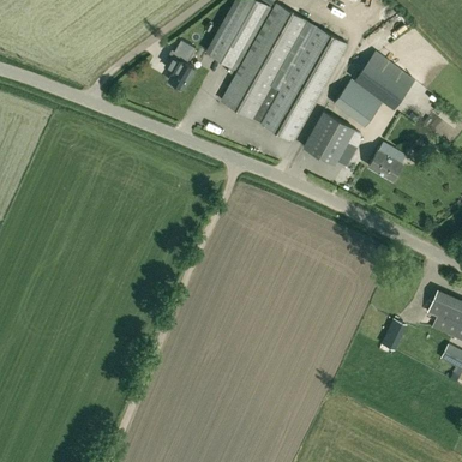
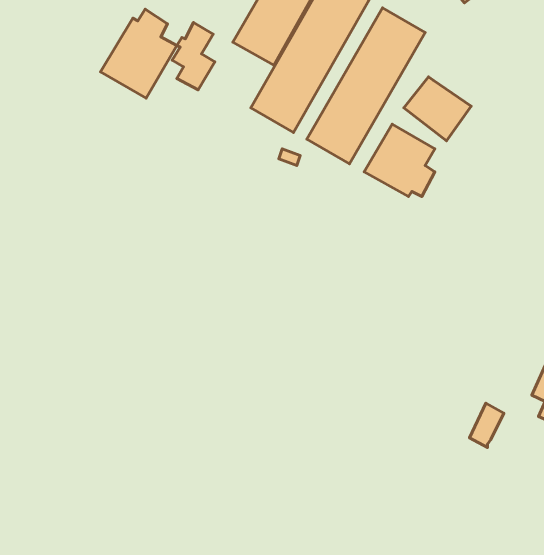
building: none -> [100,9,177,98]
building: [354,49,412,106] -> none
building: [370,143,408,181] -> none

